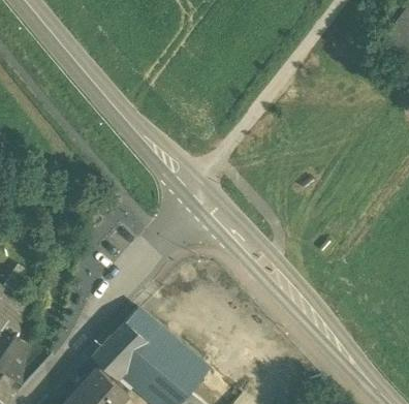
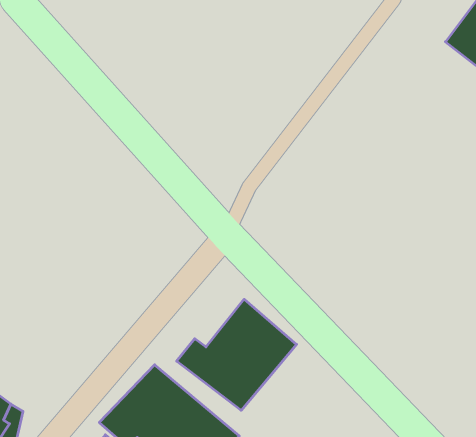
building: none -> [177,299,297,410]

